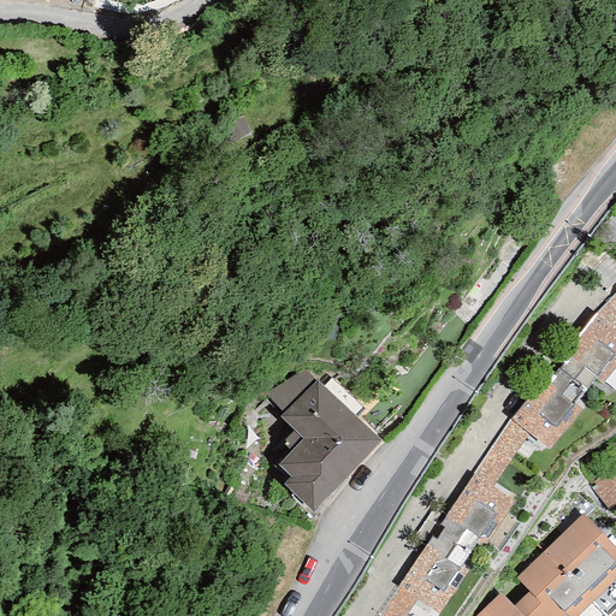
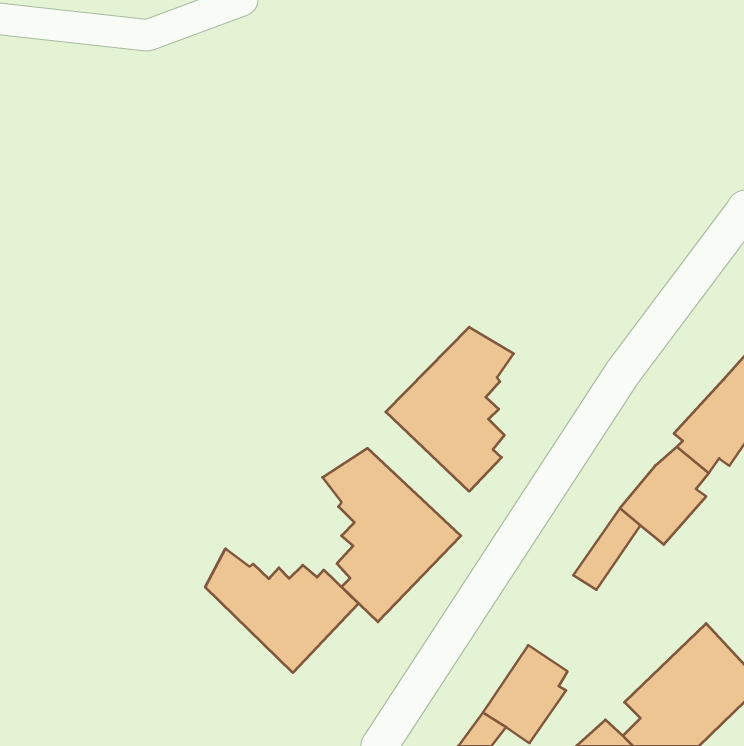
building: none -> [386,327,514,491]
building: none -> [205,549,359,673]
building: [437,474,515,553] -> none

